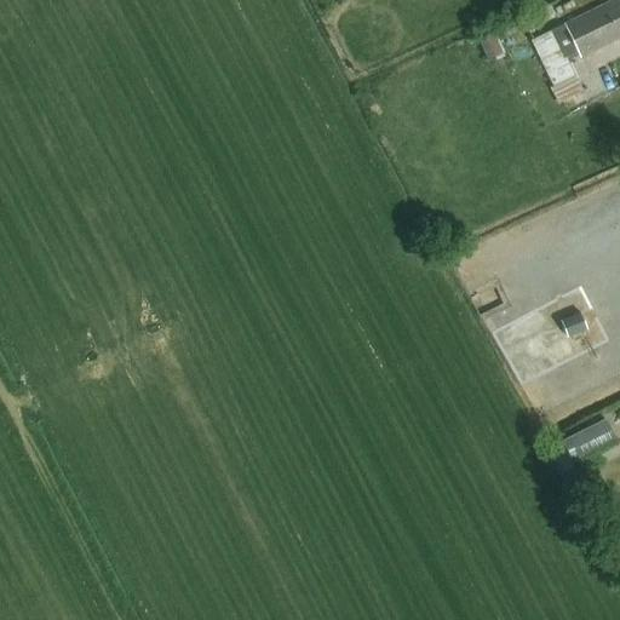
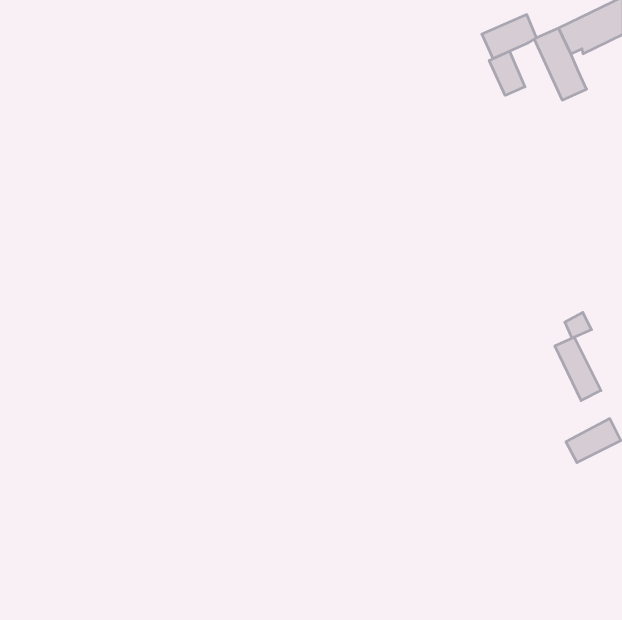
building: none -> [489,51,525,95]
building: none -> [555,337,601,401]

